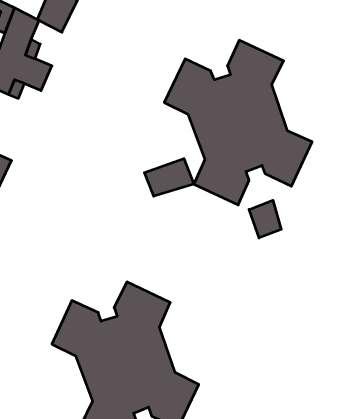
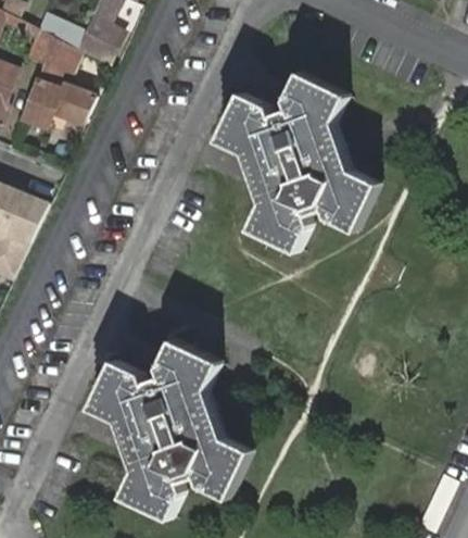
building: [144,159,194,196] -> none
building: [249,200,281,238] -> none

